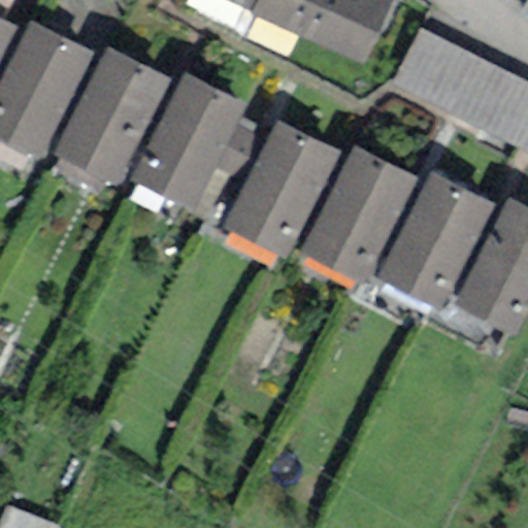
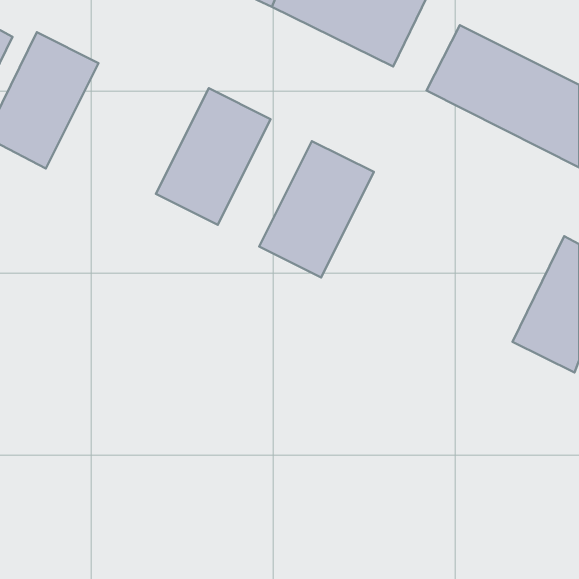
building: [65,55,167,176] -> none
building: [312,156,416,277] -> none
building: [386,182,488,303] -> none

